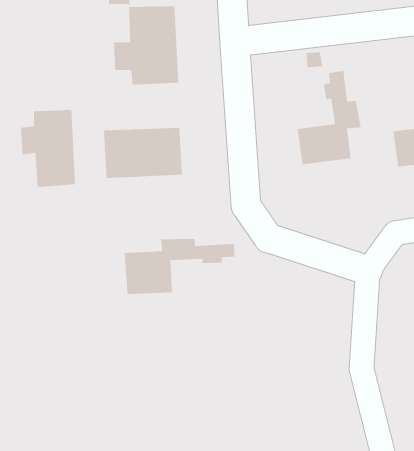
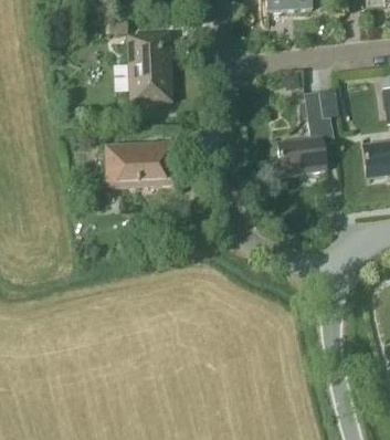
building: [21,109,75,188] -> none
building: [124,238,235,295] -> none

